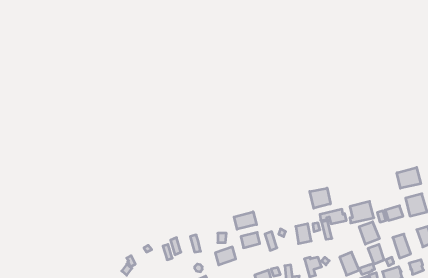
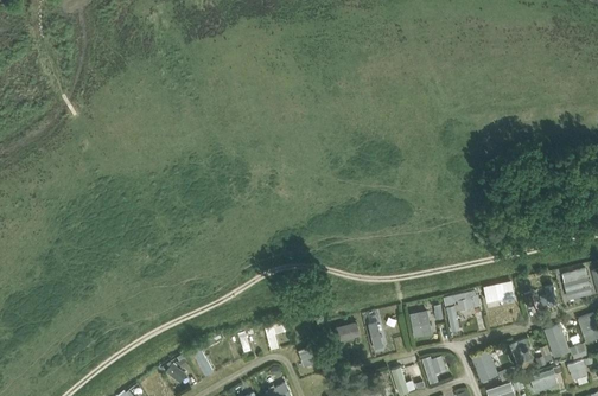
building: [397,167,421,188] -> none
building: [310,188,330,208] -> none
building: [234,212,257,229] -> none
building: [359,222,379,244] -> none

